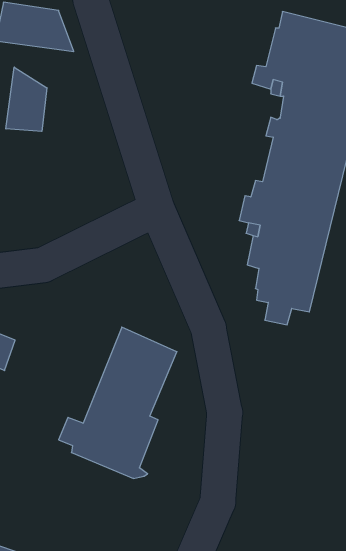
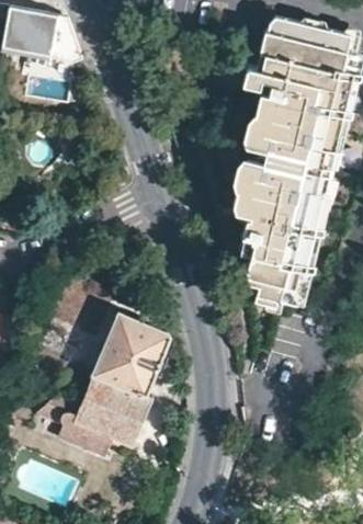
building: [6,67,47,131] -> none

